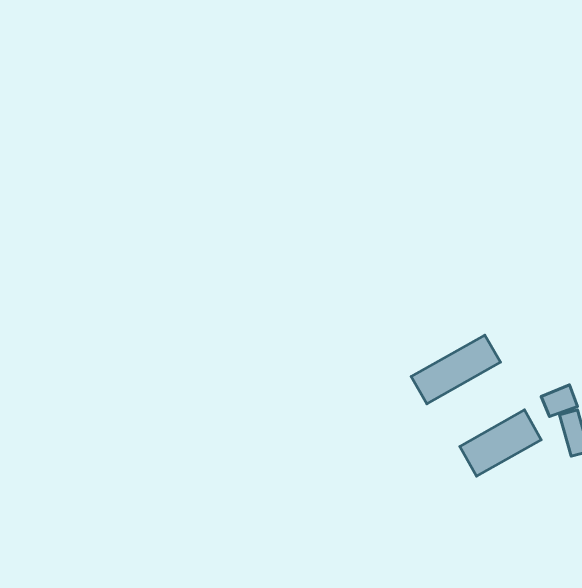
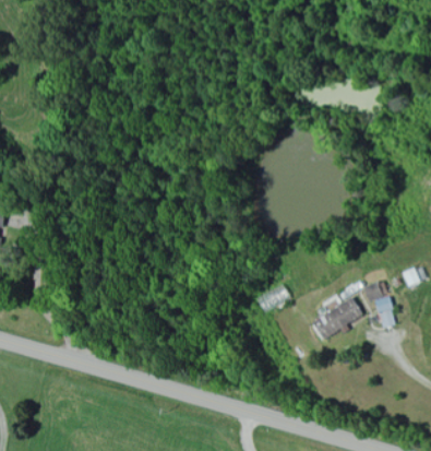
building: [411,335,500,404] -> none

